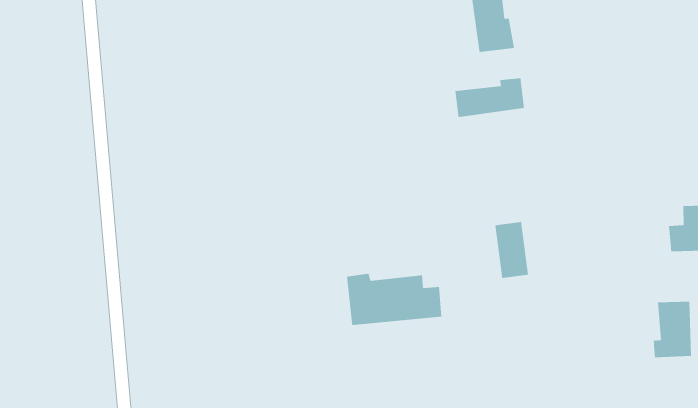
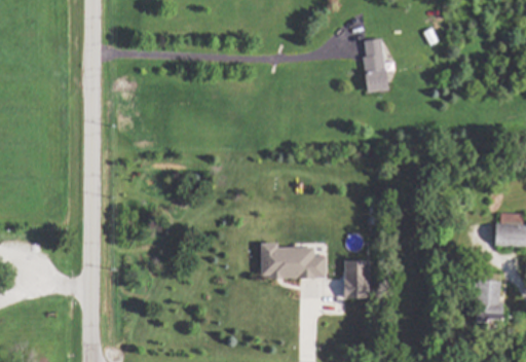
building: [455,77,525,118] -> none
building: [494,222,529,278] -> [342,259,364,298]

